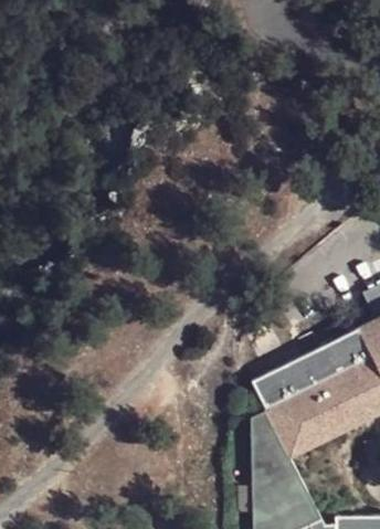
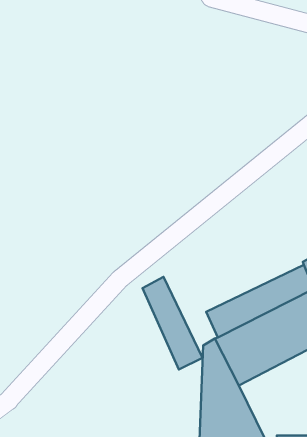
building: none -> [143,277,203,369]

